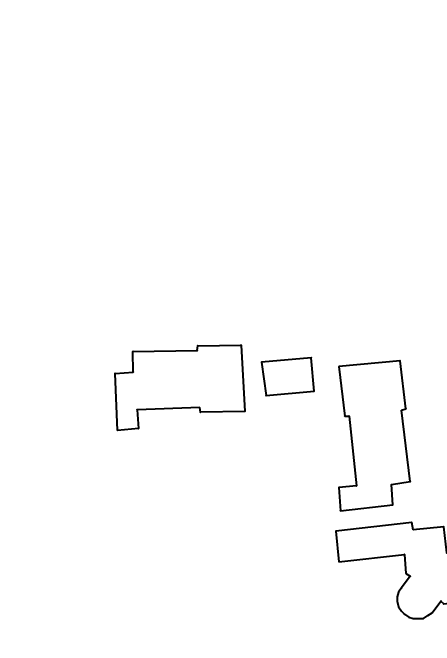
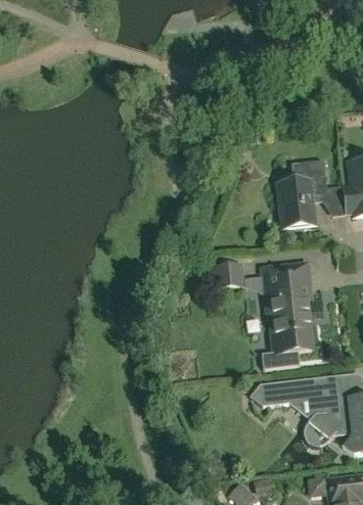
building: none -> [278,159,327,227]
building: [115,345,245,430] -> none

